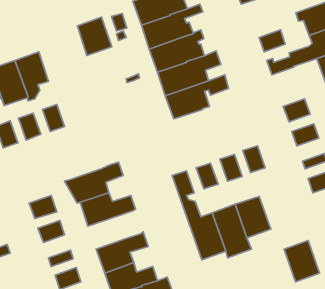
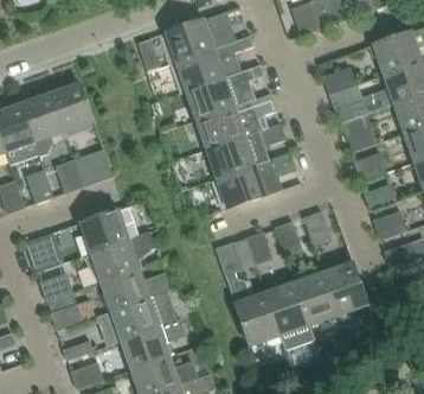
building: [77,17,112,55] -> [50,83,92,131]
building: none -> [338,113,375,152]
building: none -> [72,148,111,186]
building: none -> [217,159,281,208]
building: none -> [81,205,137,252]
building: none -> [25,231,62,272]
building: none -> [110,291,175,338]
building: [284,240,320,282] -> [322,262,366,313]

